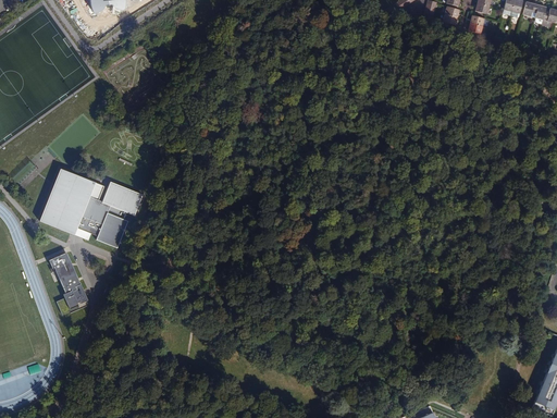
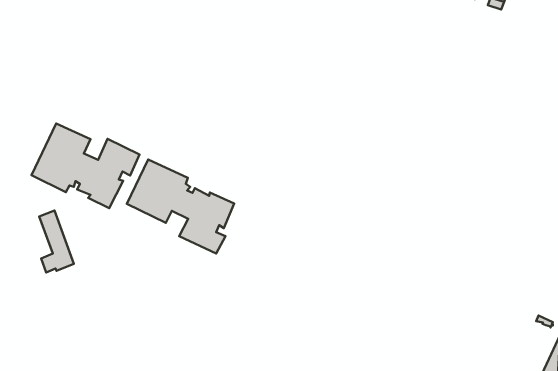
building: none -> [127,159,234,254]

